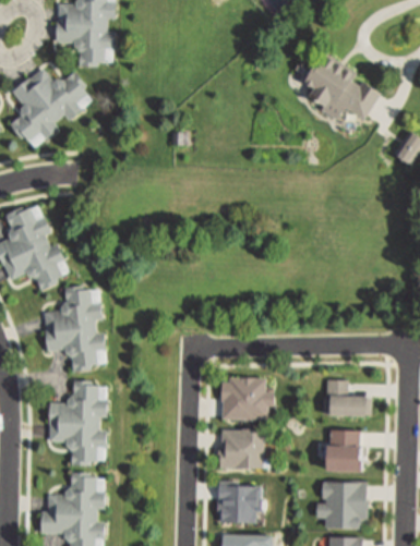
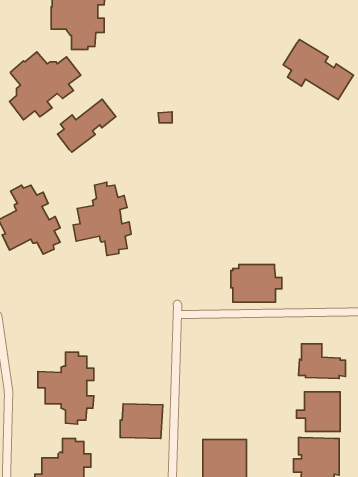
building: none -> [58,99,116,152]
building: [43,288,105,366] -> [73,182,131,255]
building: [219,378,274,418] -> [231,264,282,302]
building: [218,430,264,468] -> [120,404,163,438]

